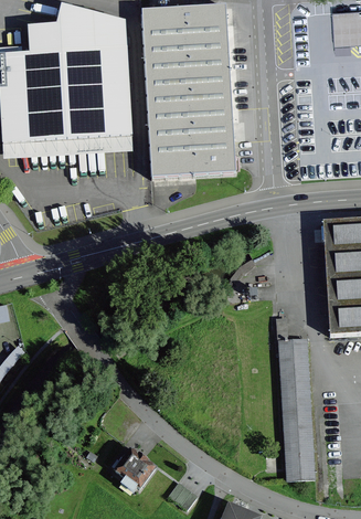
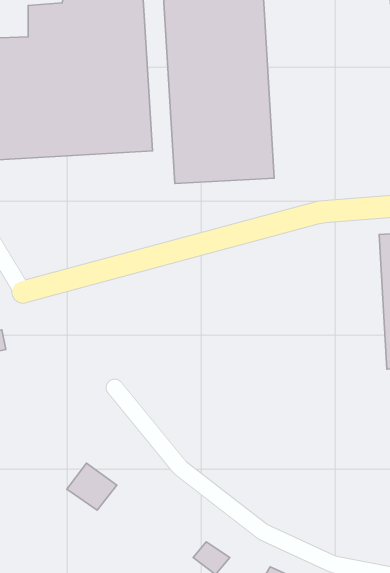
building: [279,339,316,480] -> none
building: [108,448,150,488] -> [67,463,117,510]

